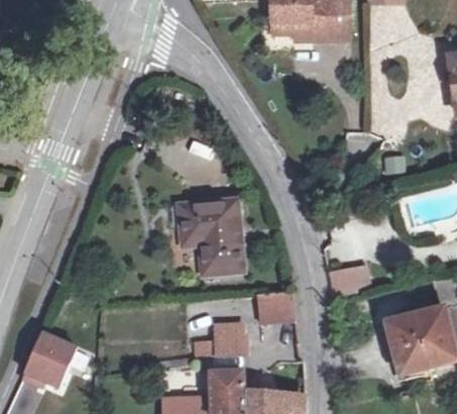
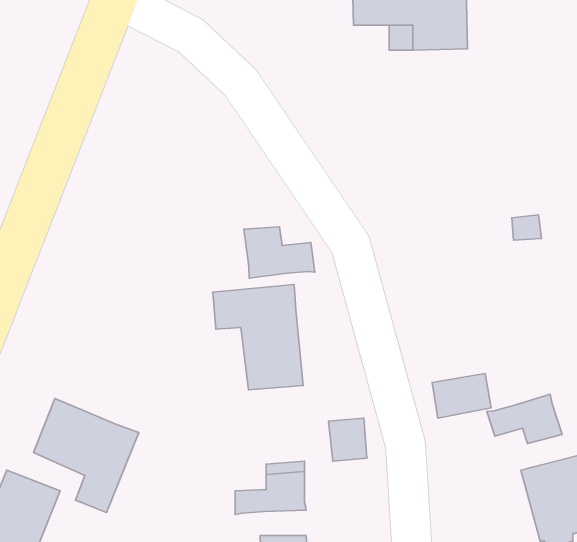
building: none -> [244,227,315,278]
building: none -> [487,394,562,443]
building: none -> [33,398,139,512]

